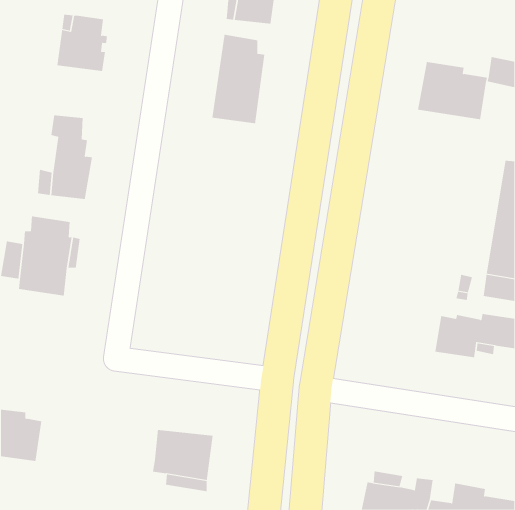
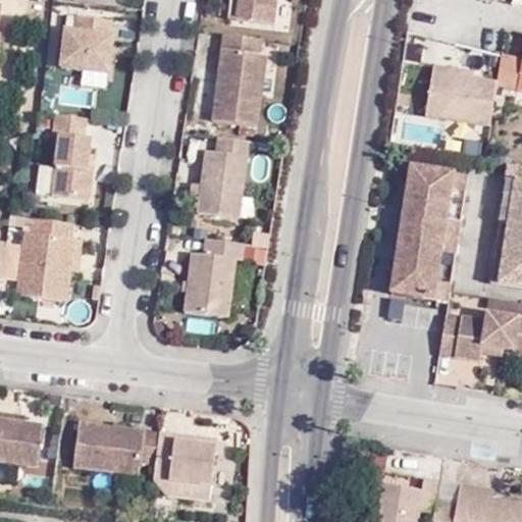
building: none -> [200,138,252,216]
building: none -> [387,162,452,295]
building: none -> [182,241,241,317]
building: none -> [73,424,159,475]

